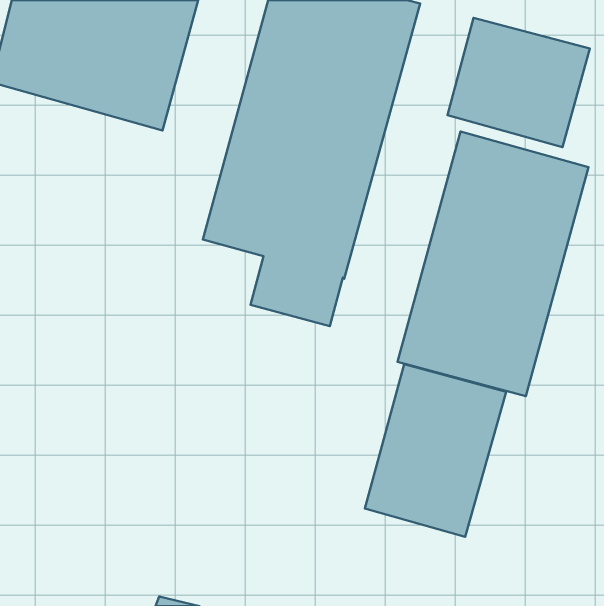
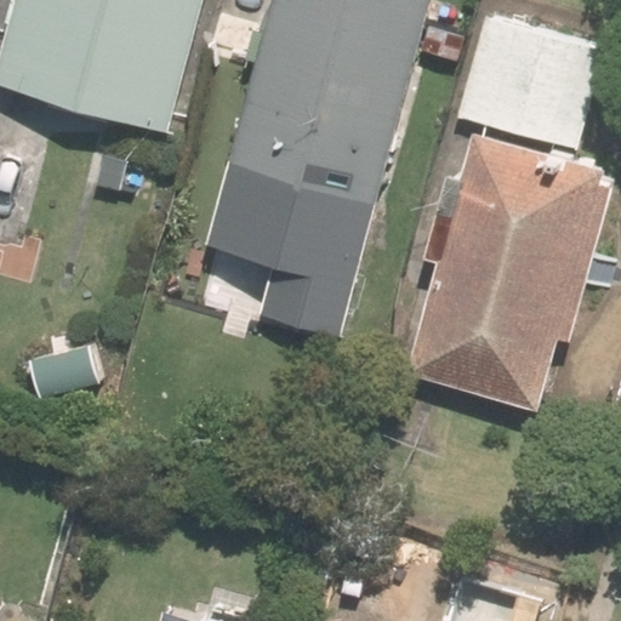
building: [365,364,506,537] -> none

